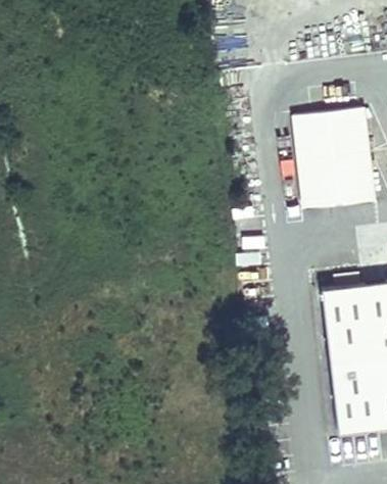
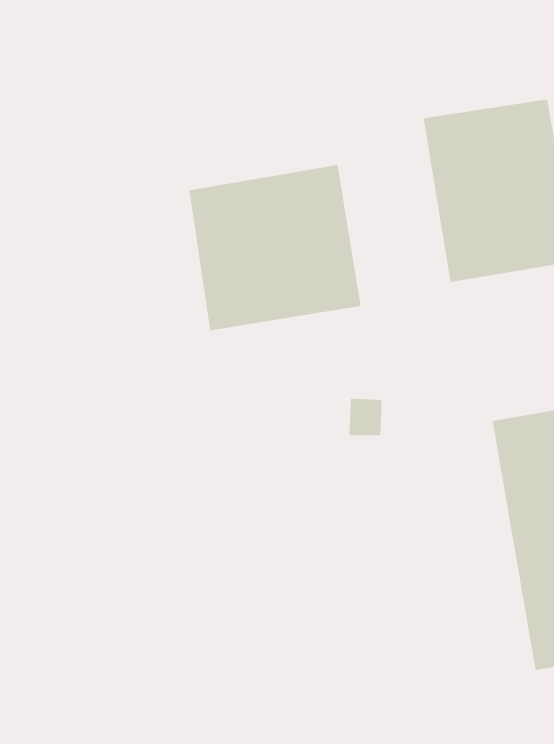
building: none -> [189,164,361,331]

